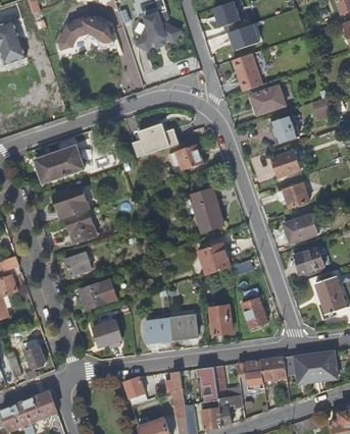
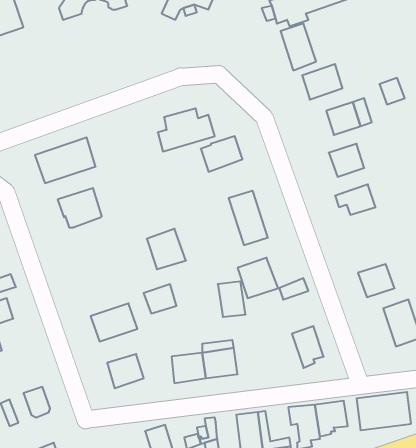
building: [65,209,97,241] -> [147,229,186,269]
building: [284,213,318,242] -> none
building: [64,252,91,275] -> [144,284,177,313]
building: [209,305,232,333] -> [218,282,246,317]

